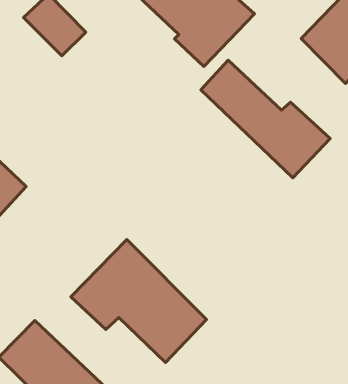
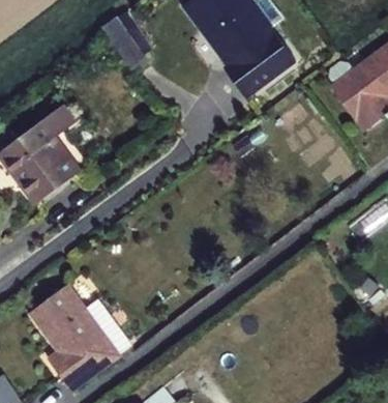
building: [201,60,330,178] -> none
building: [71,239,207,362] -> none

